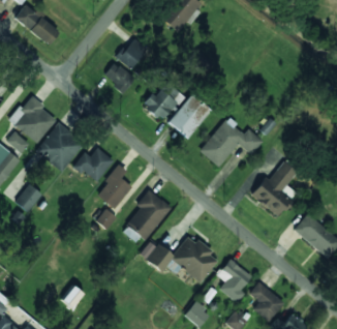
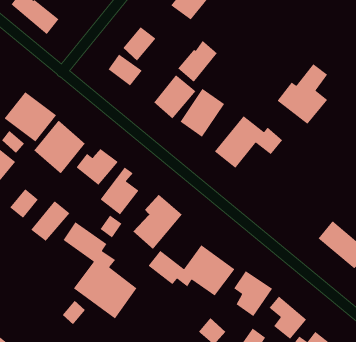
building: none -> [177,40,218,83]
building: [251,160,298,216] -> [277,63,328,125]
building: none -> [30,200,70,242]
building: none -> [62,221,138,320]

